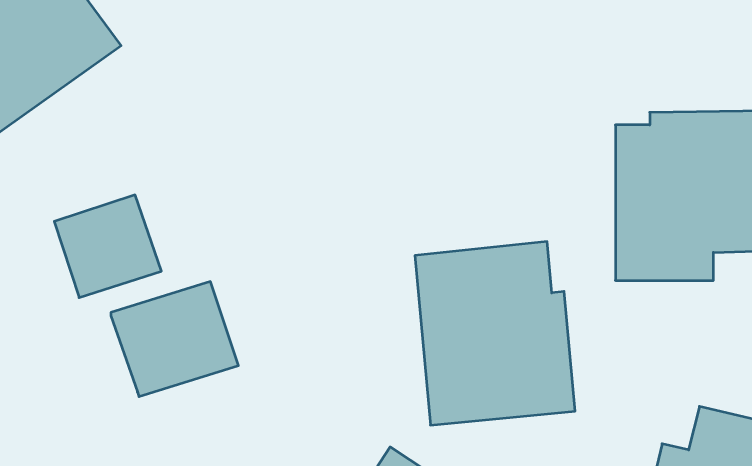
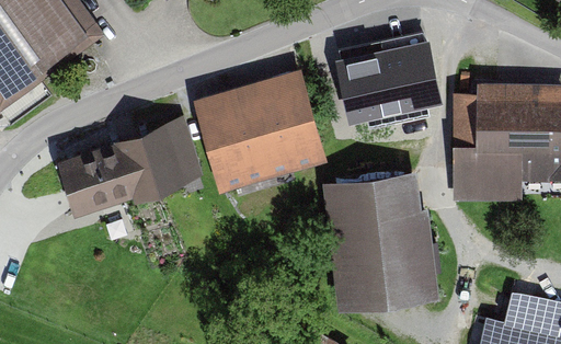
building: none -> [337,39,444,122]
building: none -> [194,69,329,192]
building: [111,282,238,397] -> [115,118,205,199]

